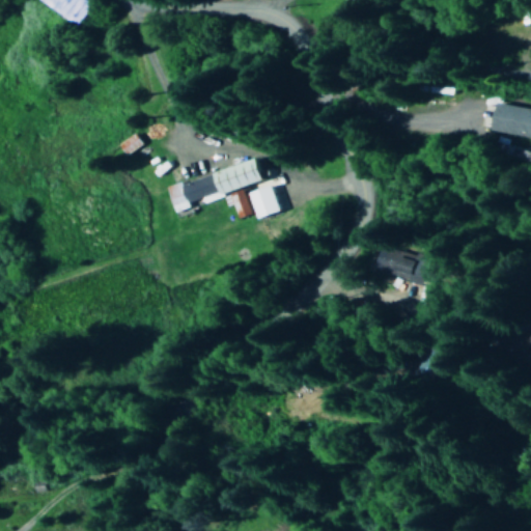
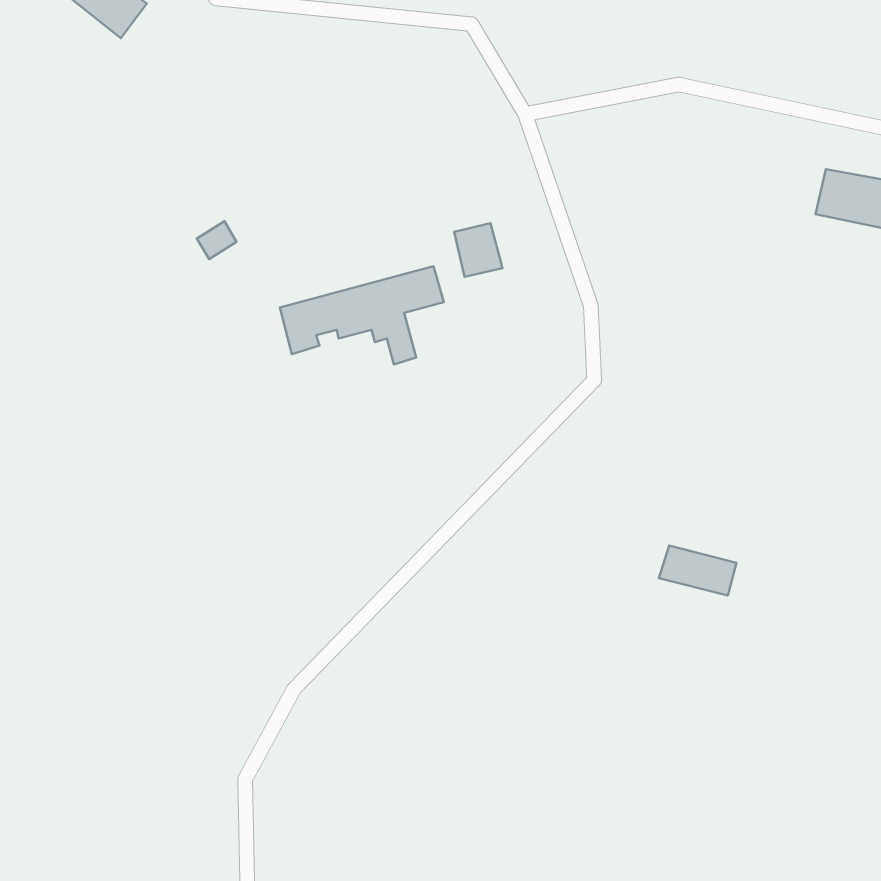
building: [252,187,281,219] -> [454,223,502,277]
building: [376,250,423,280] -> [659,545,736,596]

